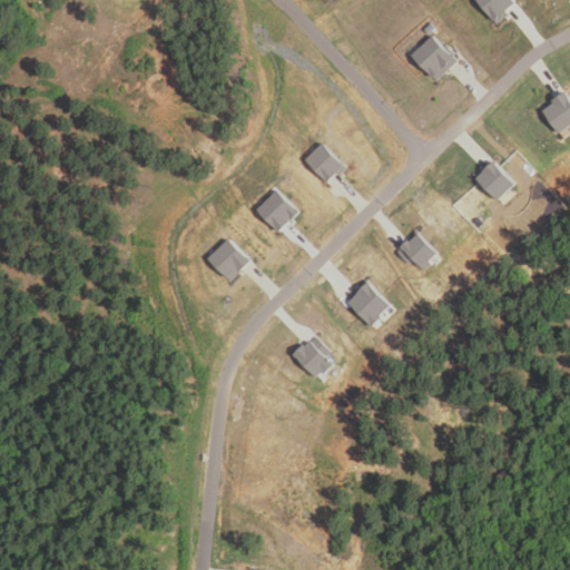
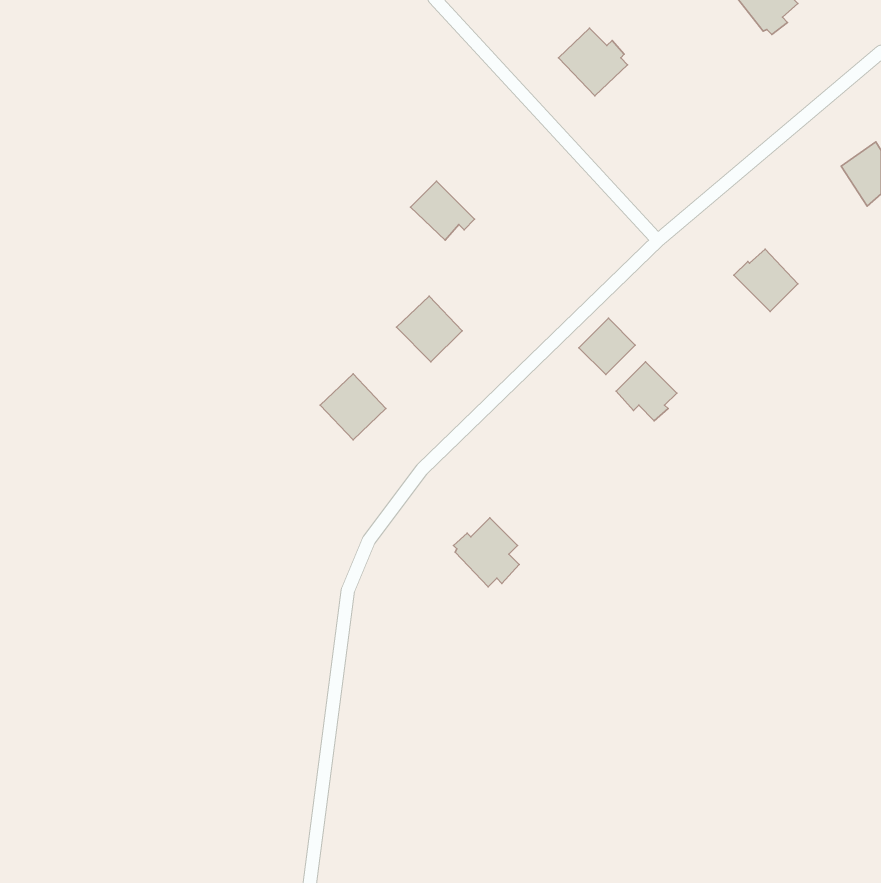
building: [412,37,456,80] -> [558,28,628,96]
building: [304,145,345,183] -> [410,181,474,240]
building: none -> [579,318,635,374]
building: [348,279,389,326] -> none

